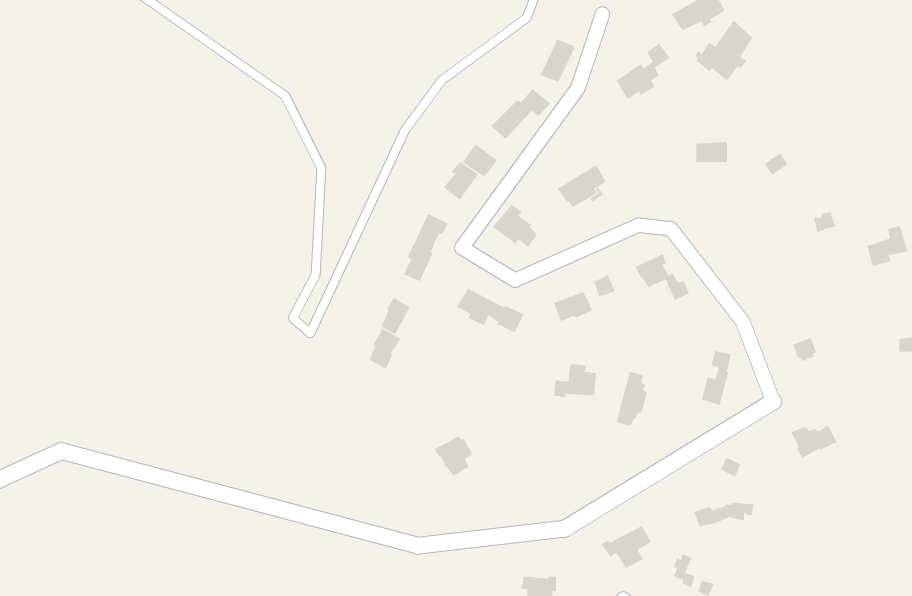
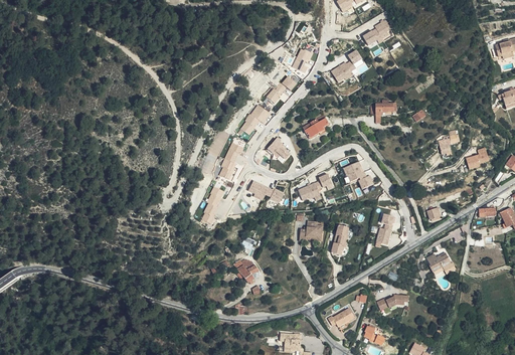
building: [695,20,753,81] -> none

